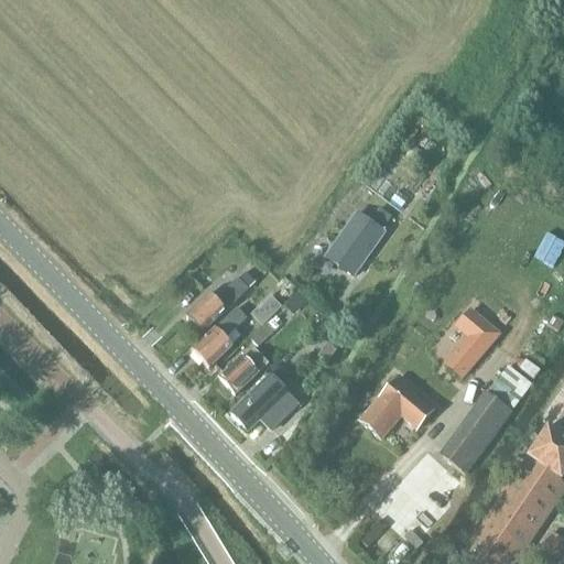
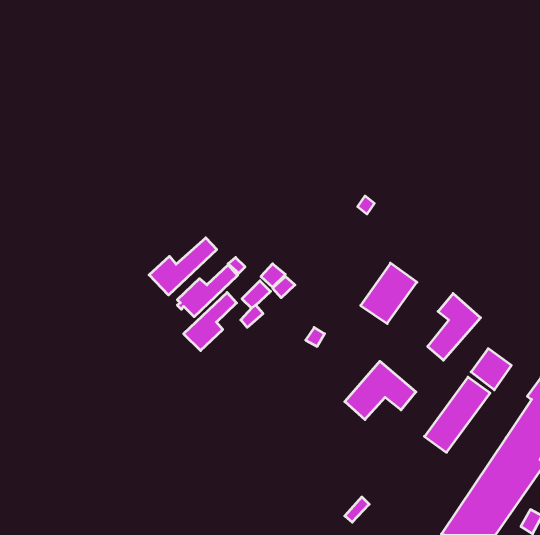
building: [327,209,386,272] -> [361,263,417,324]
building: none -> [149,238,217,295]
building: [219,347,271,393] -> none
building: [230,371,297,429] -> none

